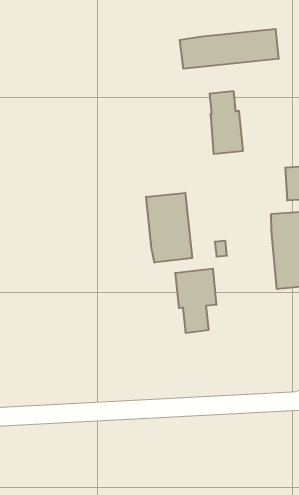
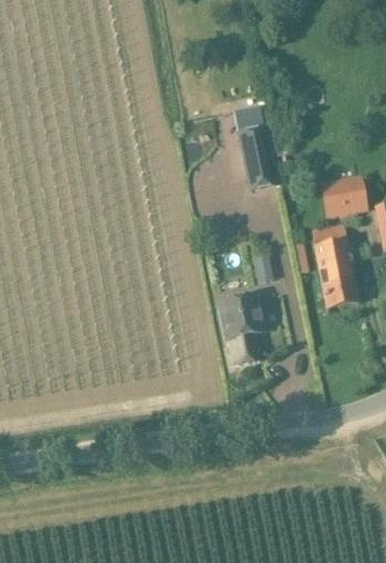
building: [180,29,278,69] -> none
building: [146,193,192,263] -> none

